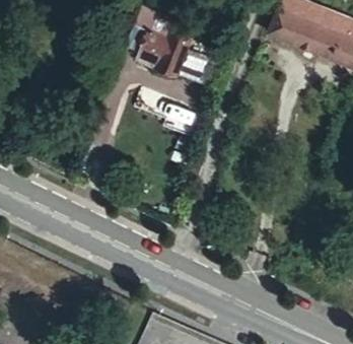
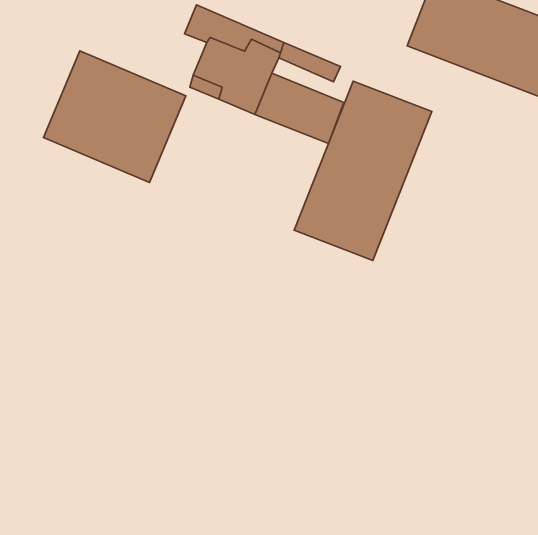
building: none -> [43,51,186,183]
building: none -> [294,81,432,261]

